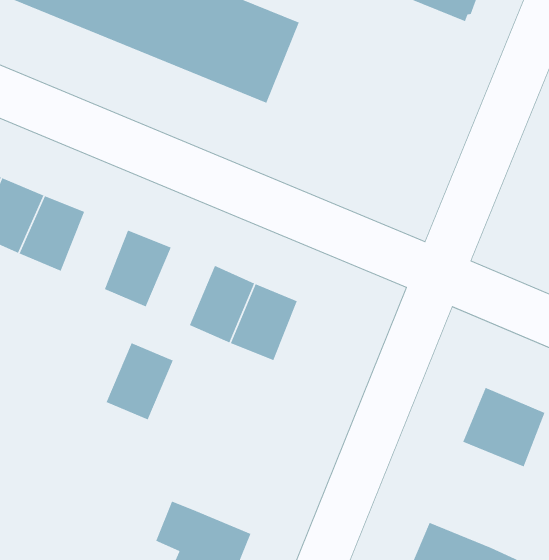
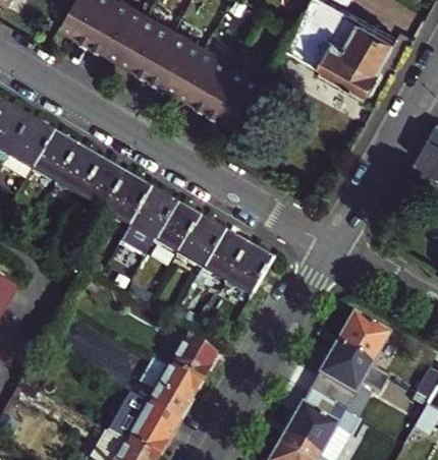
building: none -> [104,177,148,226]
building: none -> [226,248,270,297]
building: [106,342,174,420] -> [153,206,198,254]
building: none -> [308,347,370,413]
building: none -> [167,340,215,386]

